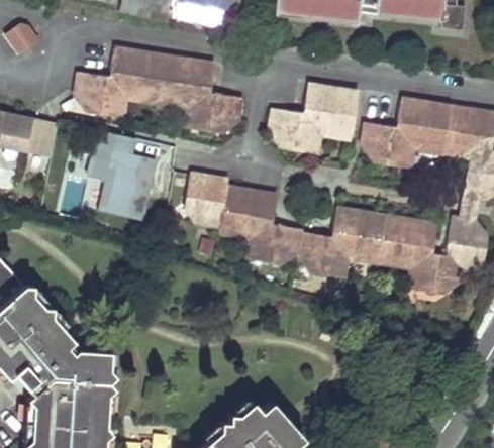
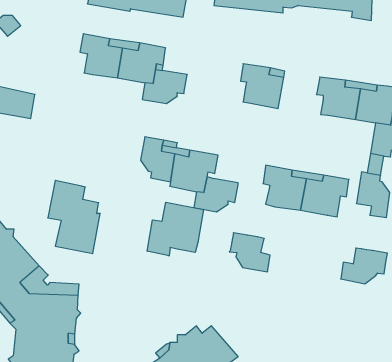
building: [77,73,126,118] -> none
building: [271,107,320,153] -> none
building: [364,122,412,167] -> none
building: [90,131,154,220] -> [48,180,100,254]
building: [298,231,348,278] -> [229,233,270,272]
building: [408,251,465,295] -> [341,248,387,284]
building: none -> [147,202,204,256]

